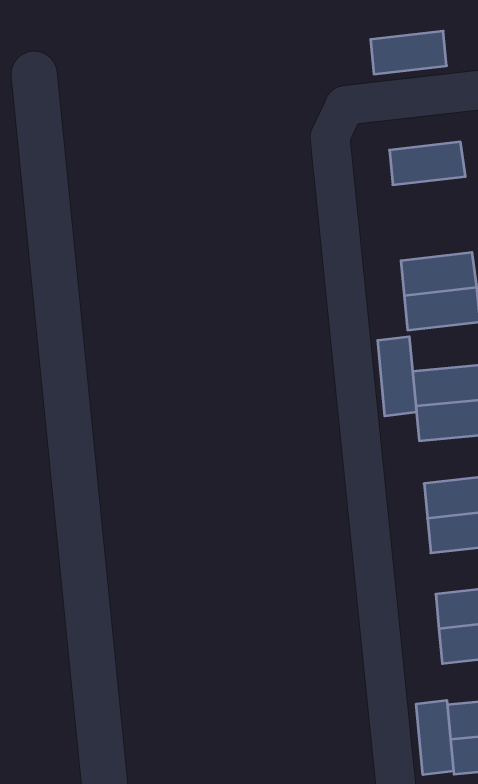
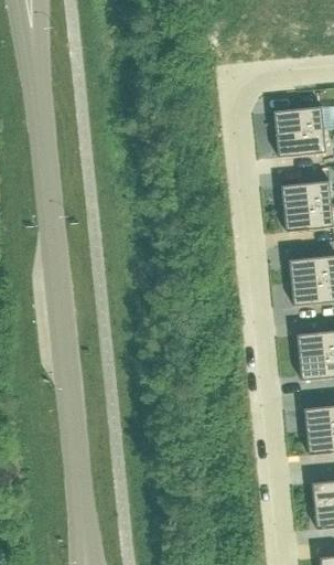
building: [371,31,447,74] -> [276,129,326,158]
building: [378,337,416,416] -> none
building: [416,700,453,775] -> none

